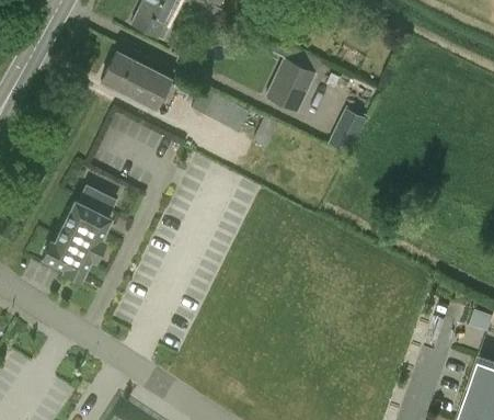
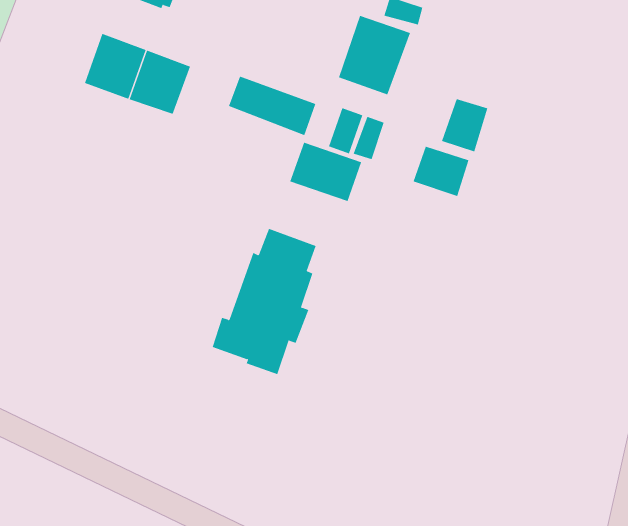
building: none -> [290,142,362,202]
building: none -> [413,146,469,197]
building: [41,188,116,283] -> [212,228,317,375]

